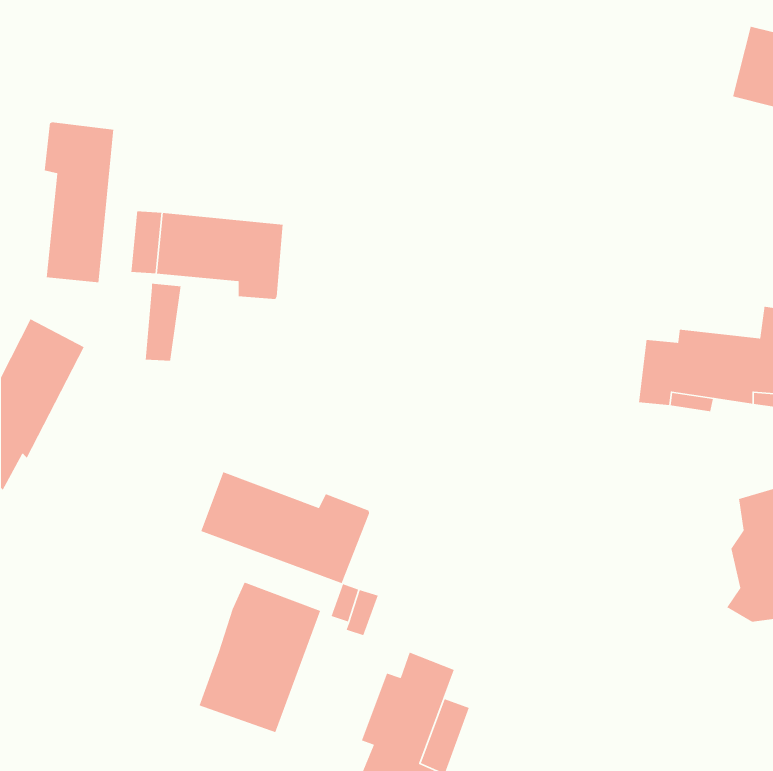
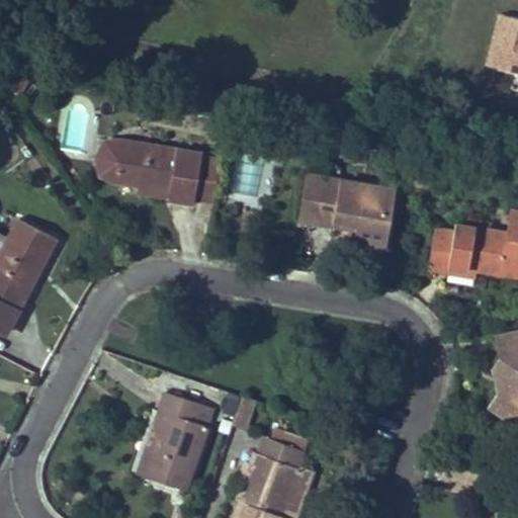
building: [44,122,114,283] -> none
building: none -> [301,174,397,248]
building: [145,283,181,362] -> [186,149,210,201]
building: [200,471,370,584] -> none

